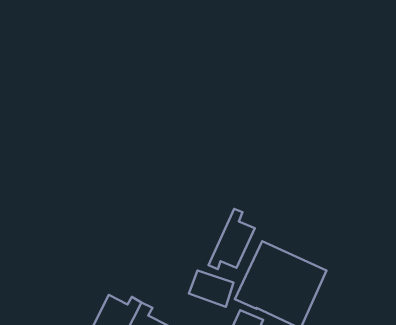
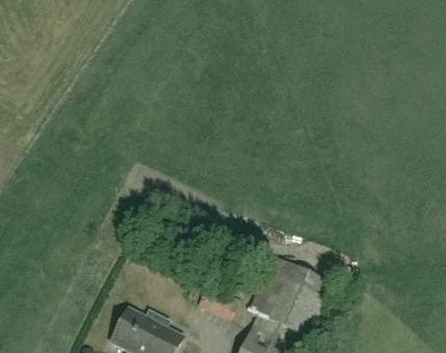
building: [209,209,255,269] -> none

